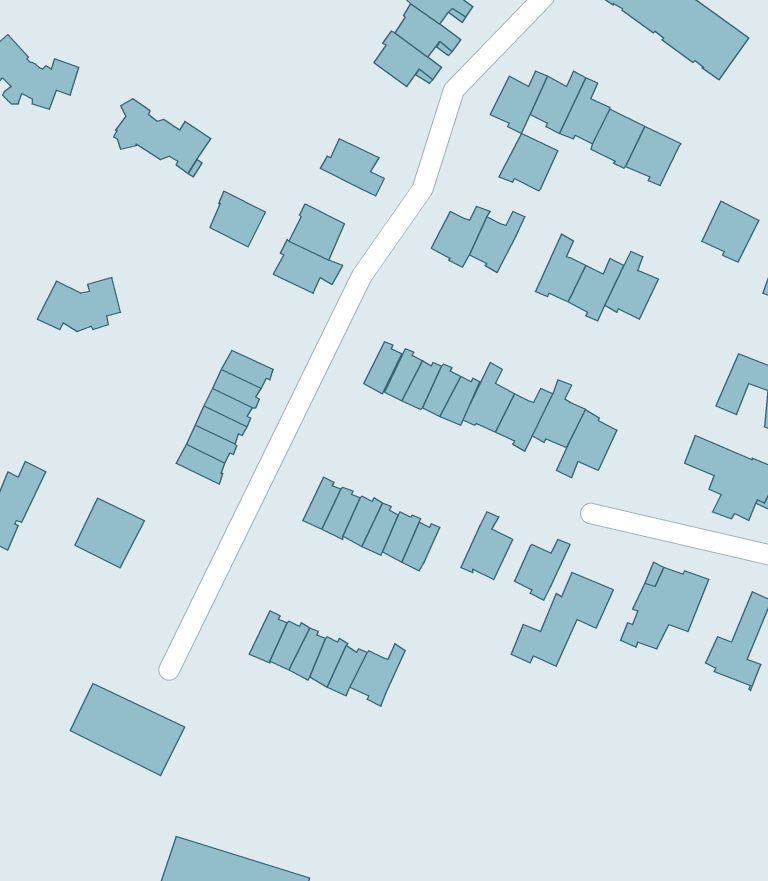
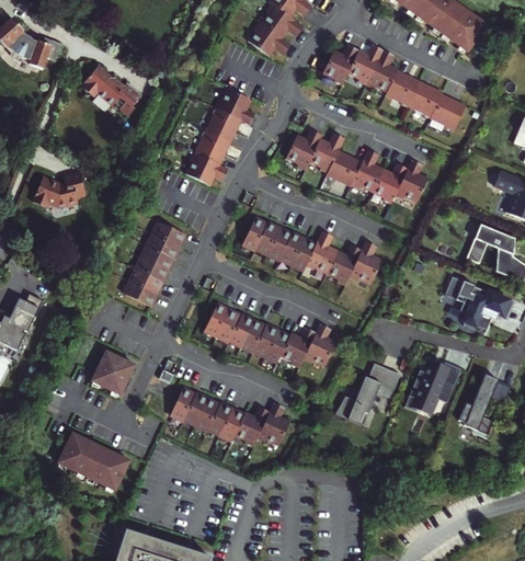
building: [499,133,558,191] -> [324,150,362,186]
building: [210,191,265,247] -> [206,107,241,142]
building: [702,201,759,262] -> [430,93,466,131]
building: [556,410,617,478] -> none
building: [75,498,144,568] -> [91,351,135,394]
building: [514,539,570,600] -> [281,330,316,368]
building: none -> [256,403,290,446]

